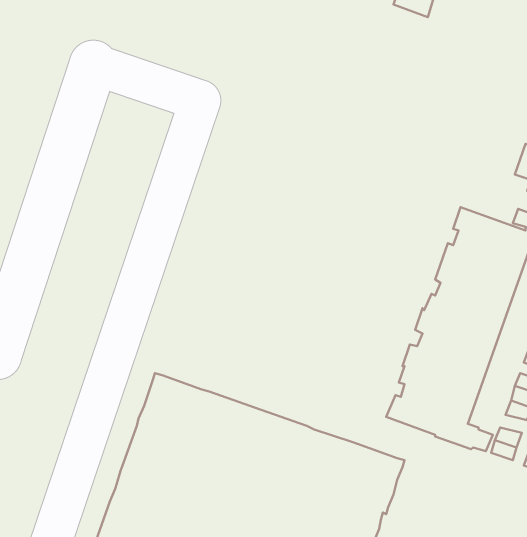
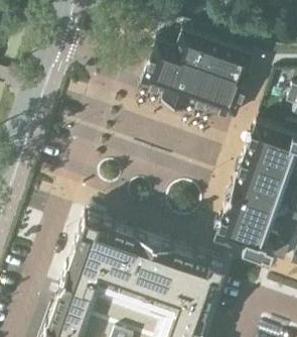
building: none -> [143,32,254,118]

